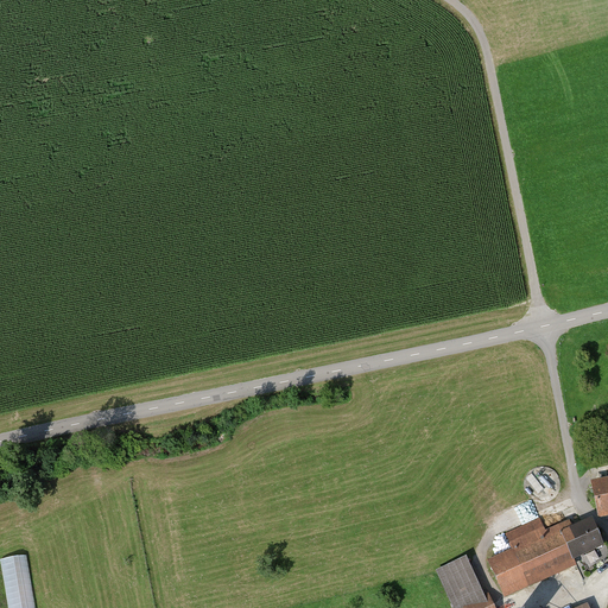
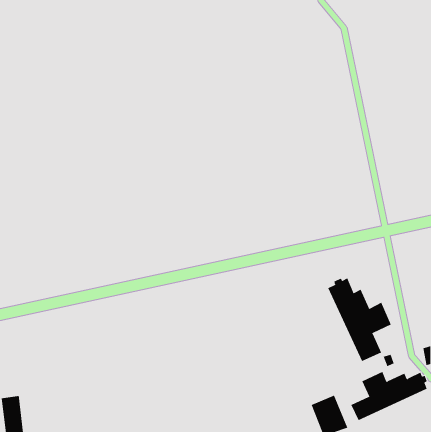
building: none -> [328,278,392,362]

